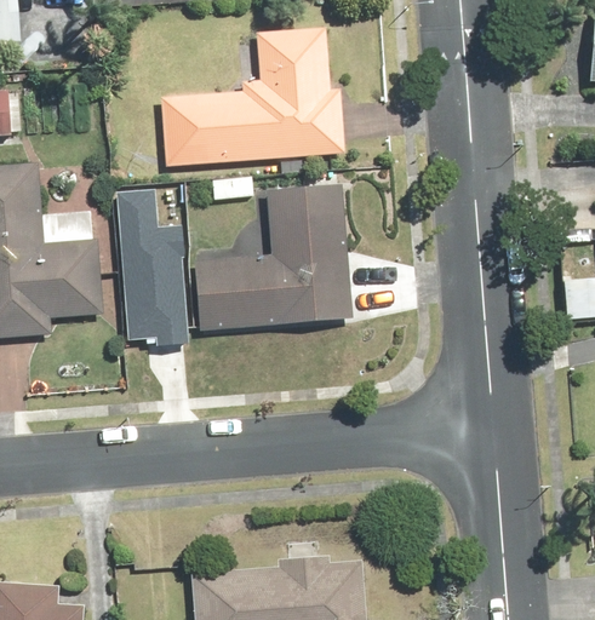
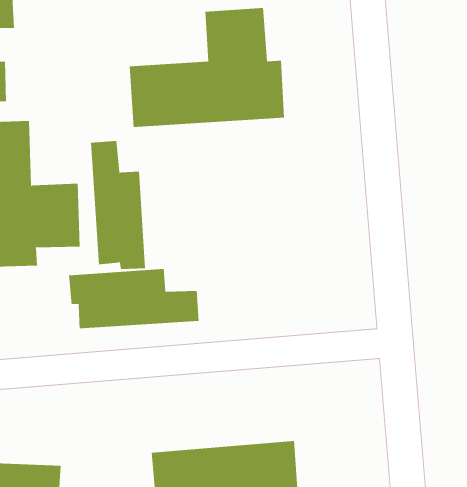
building: [193,180,354,333] -> none
building: none -> [69,268,199,329]

